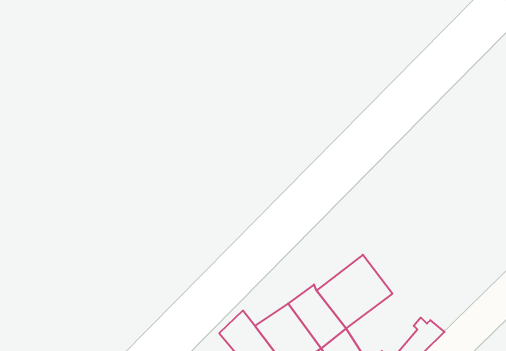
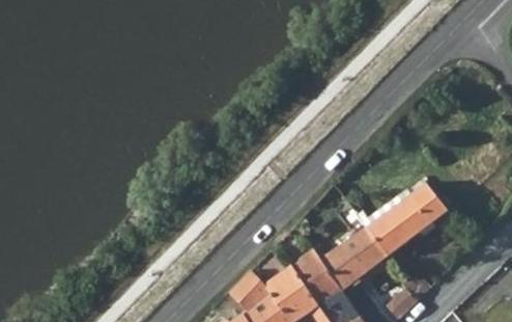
building: none -> [355,178,442,259]

